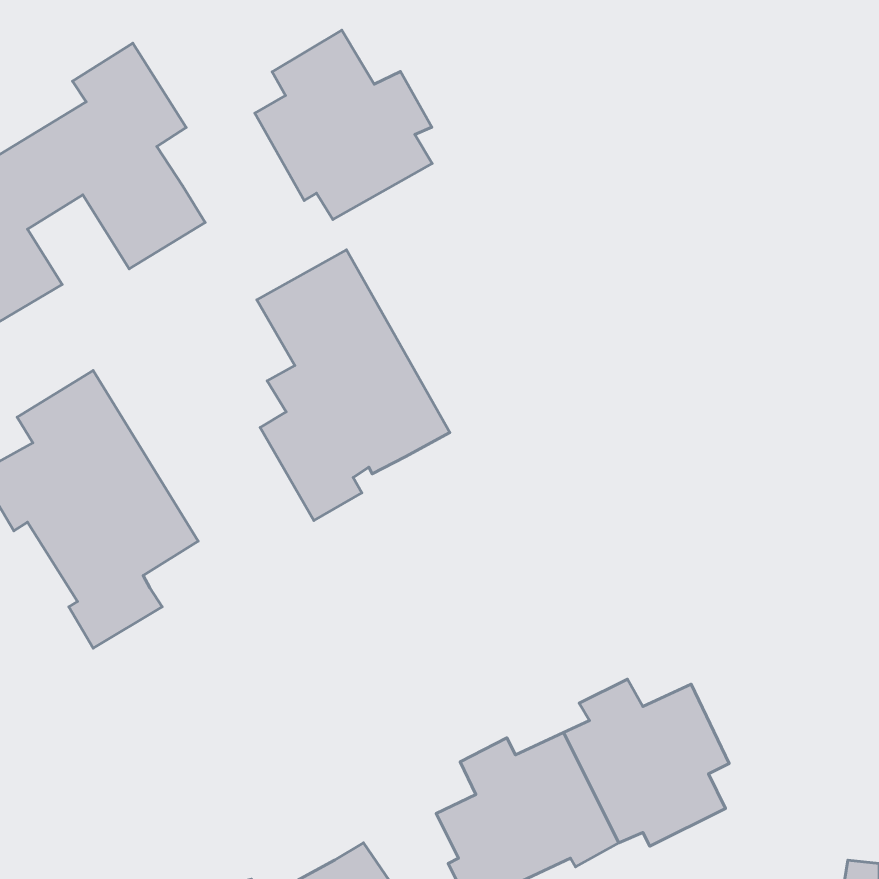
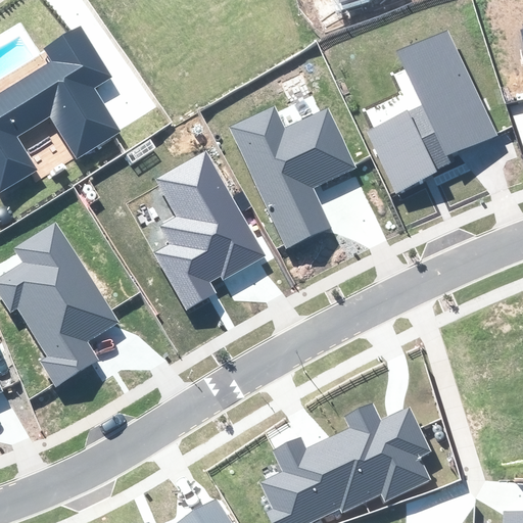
building: [255,30,432,220] -> none
building: none -> [366,31,497,195]
building: none -> [228,105,354,249]

